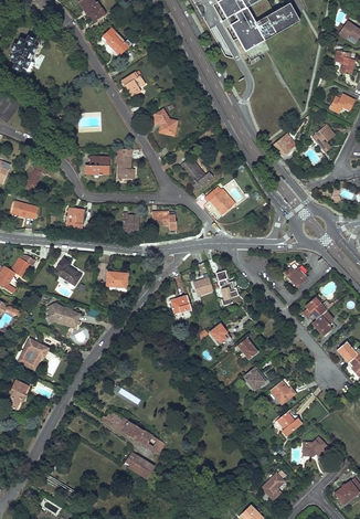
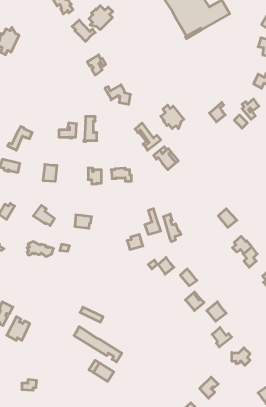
building: none -> [89,6,113,30]
building: none -> [161,105,184,129]
building: [18,338,46,368] -> [7,317,30,340]

